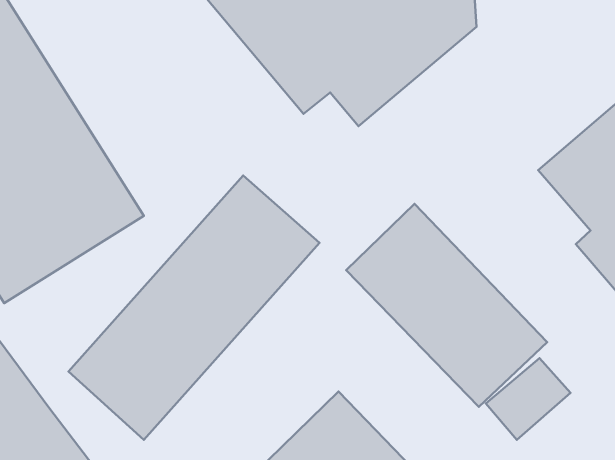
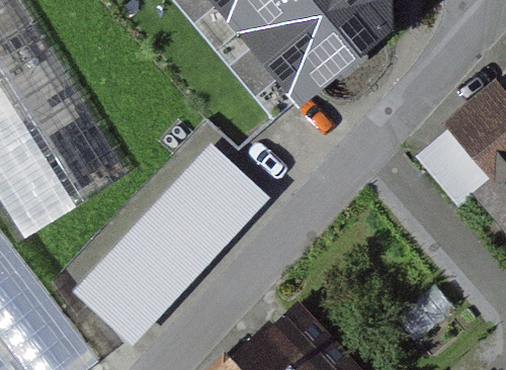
building: [346,204,547,407] -> none

